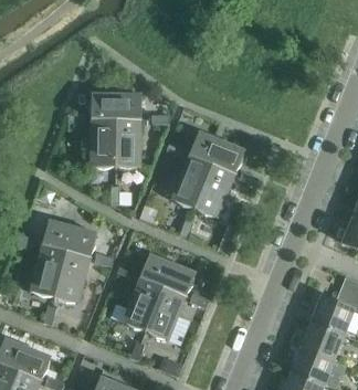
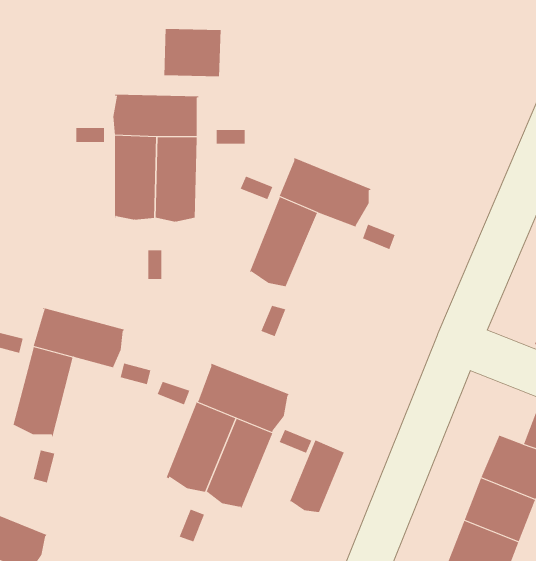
building: none -> [164,28,221,77]
building: [194,164,236,218] -> none
building: [55,250,92,304] -> none
building: none -> [289,439,345,515]

